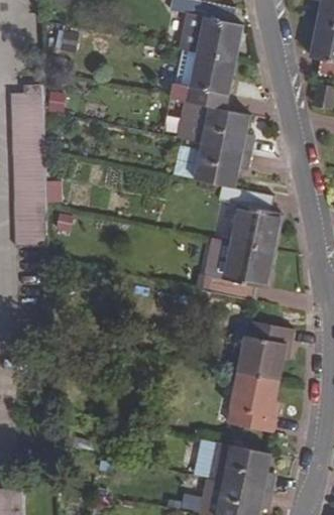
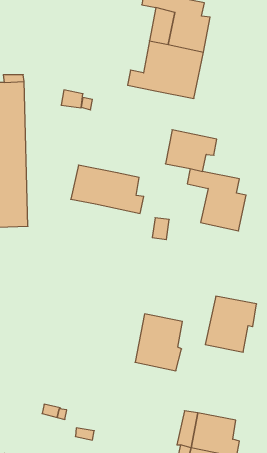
building: [176,102,253,153] -> [71,165,144,213]
building: [207,239,272,301] -> none
building: [227,372,277,432] -> [135,314,182,371]

